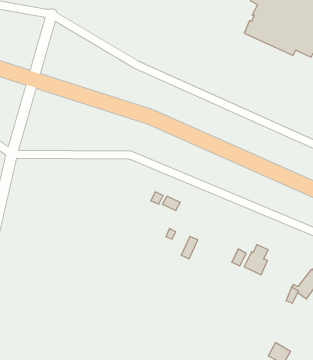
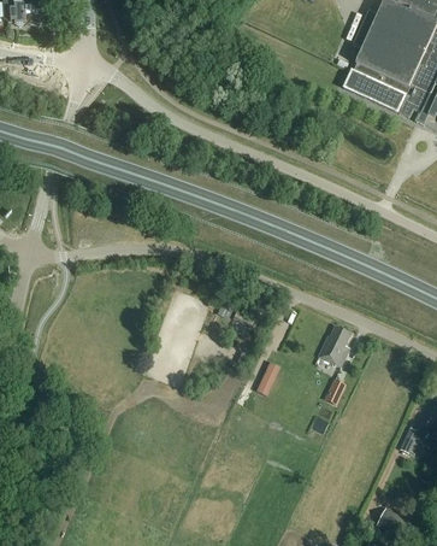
building: [244,245,268,275] -> [318,327,350,368]

